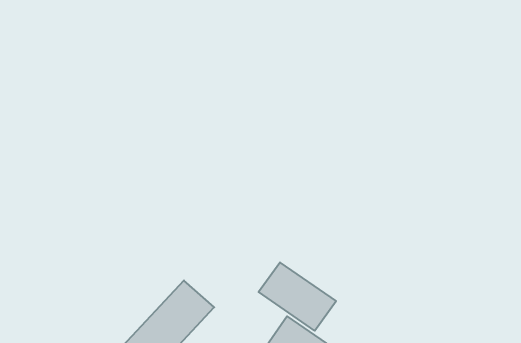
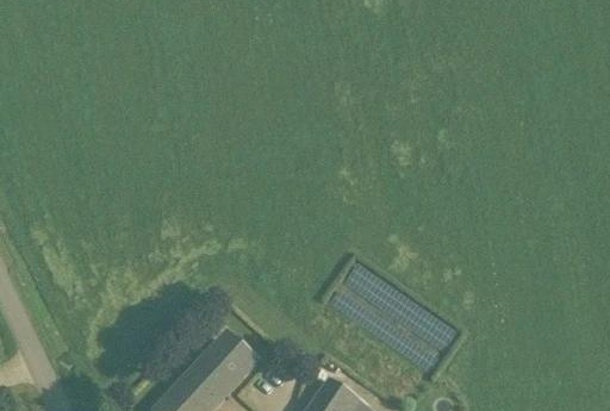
building: [259,262,336,331] -> none

